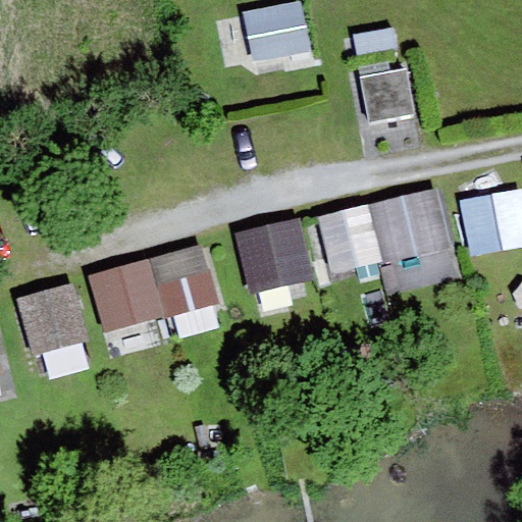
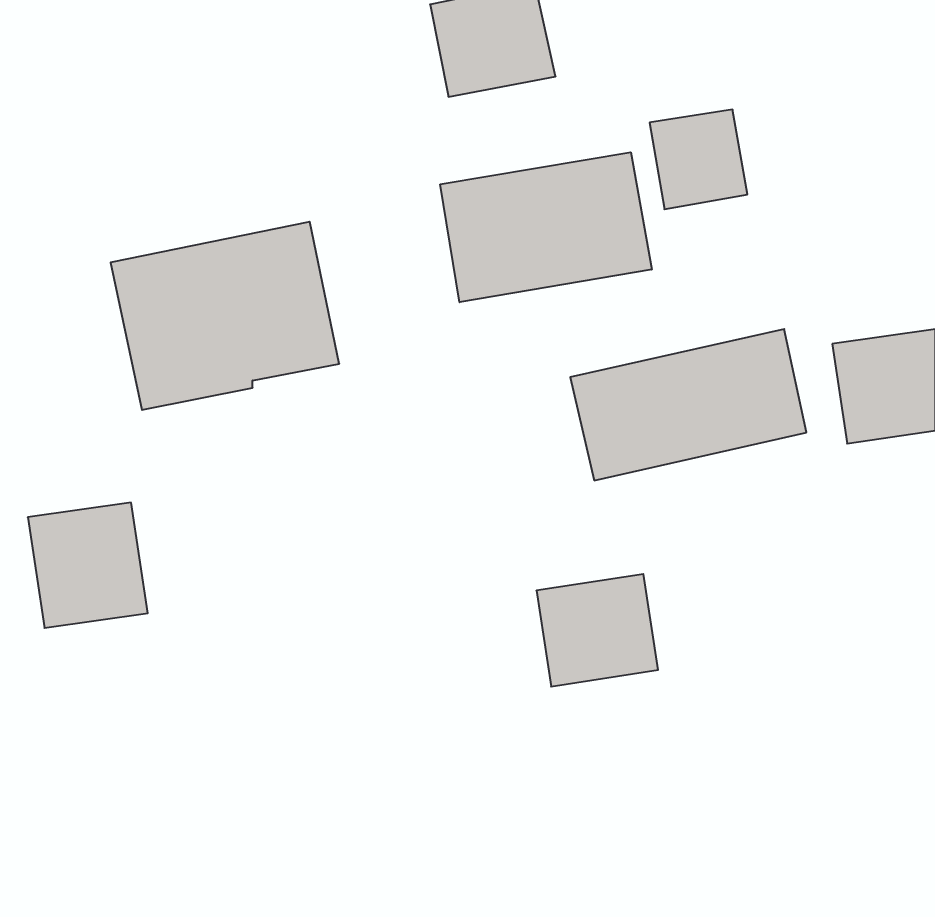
building: none -> [440,152,652,302]
building: [241,221,308,283] -> [536,574,658,687]
building: [94,248,220,352] -> [111,222,339,410]

